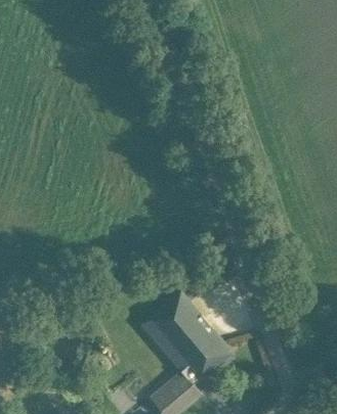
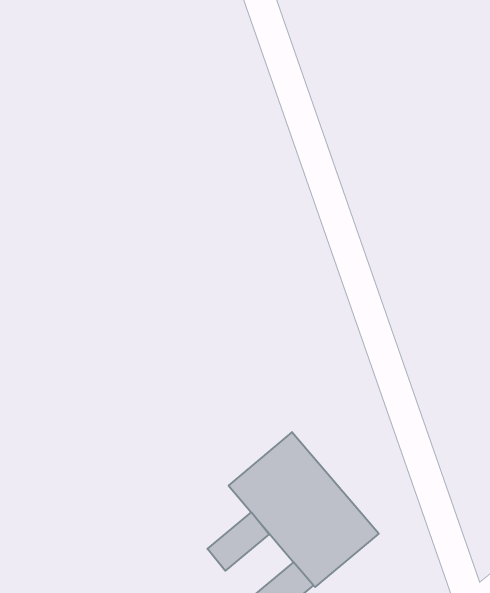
building: none -> [207,512,269,571]

